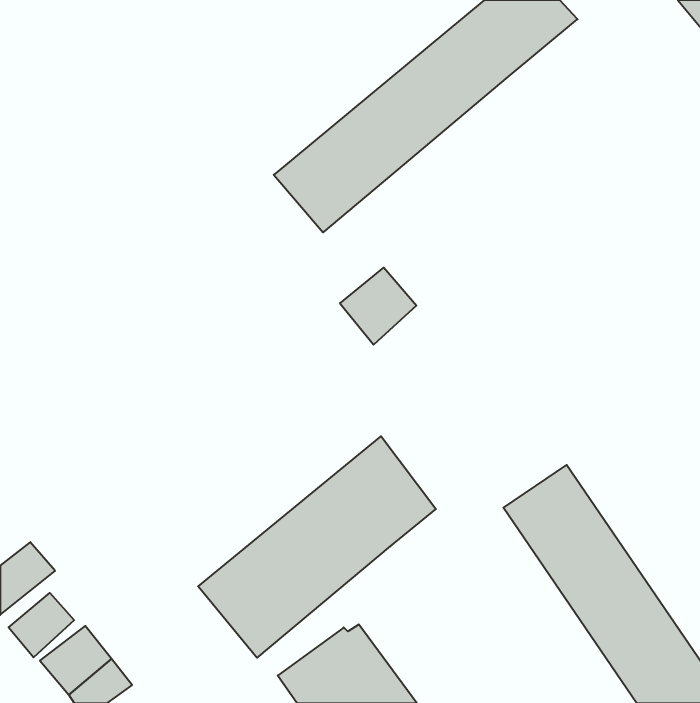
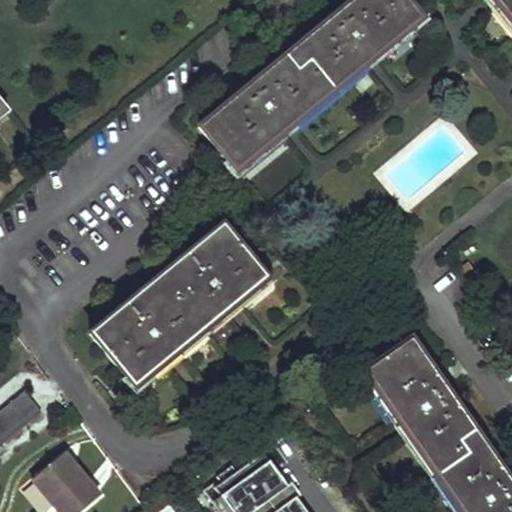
building: [340,268,416,345] -> none
building: [198,436,436,658] -> [93,223,266,384]
building: [9,593,74,657] -> none

